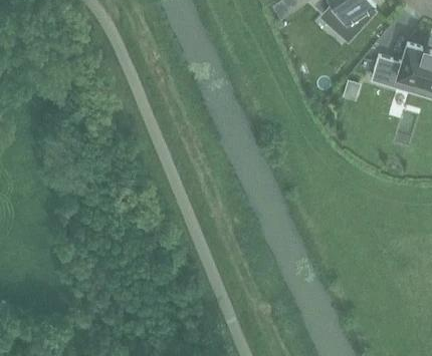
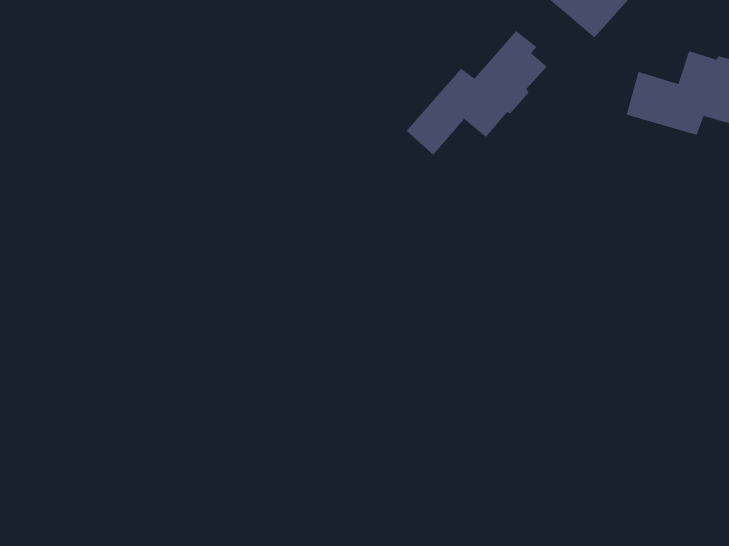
building: none -> [406,30,547,155]

